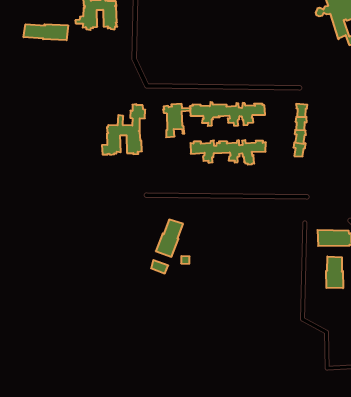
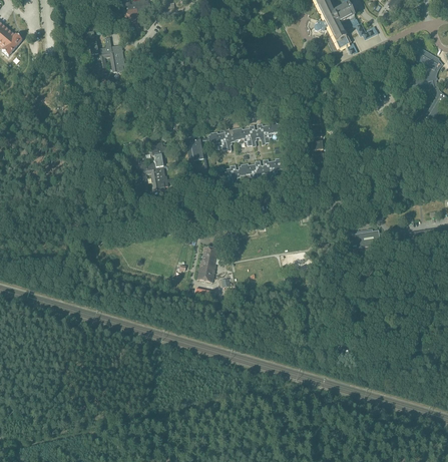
building: [24,24,68,40] -> none
building: [326,256,343,288] -> none

